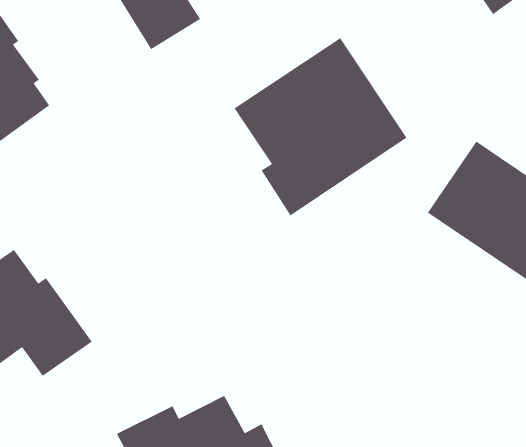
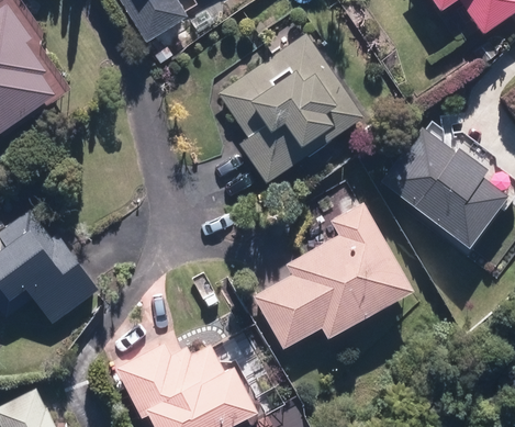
building: none -> [251,201,416,350]

